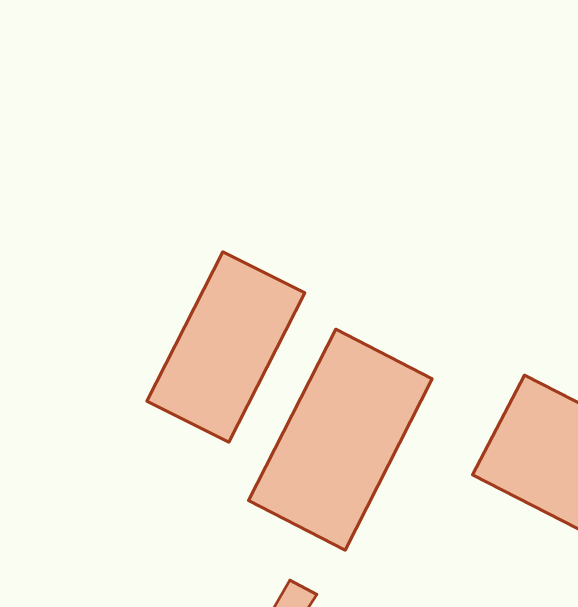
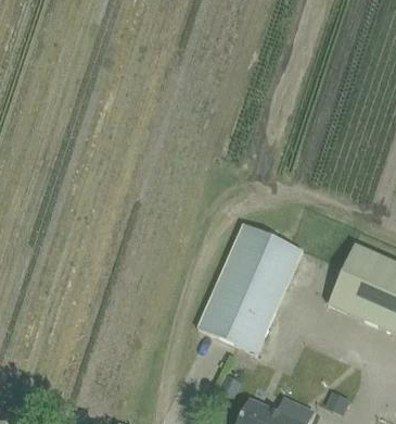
building: [147,252,305,442] -> none

